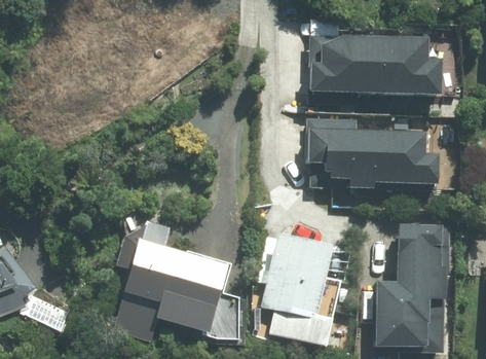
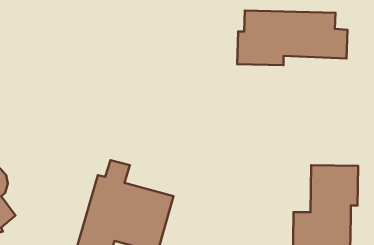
building: [309,117,424,188] -> none
building: [263,234,333,317] -> none

